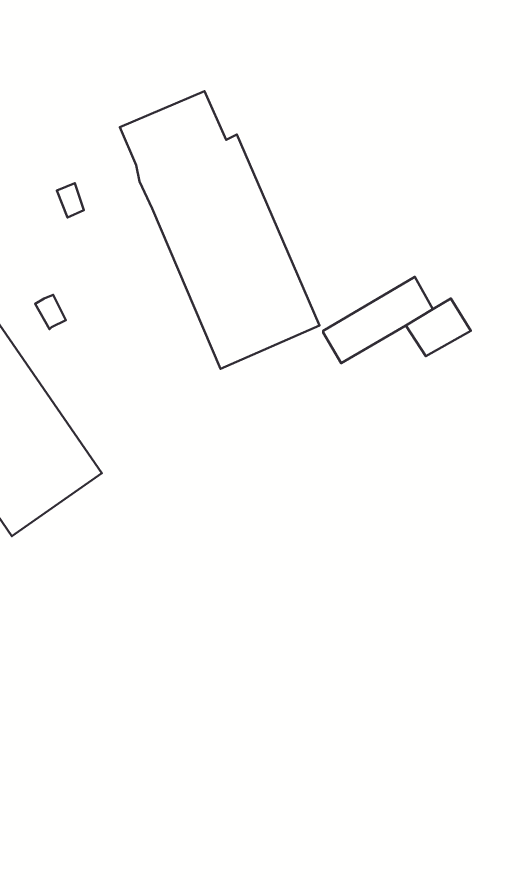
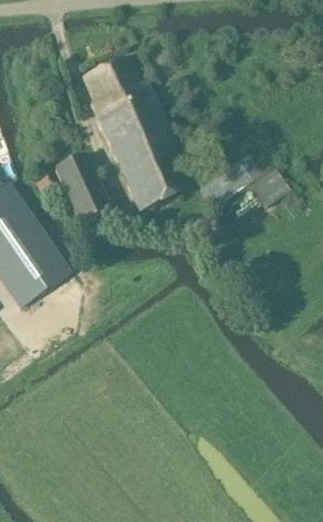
building: none -> [54,153,110,221]

